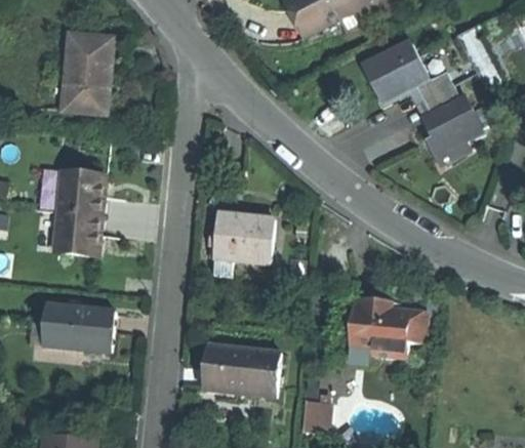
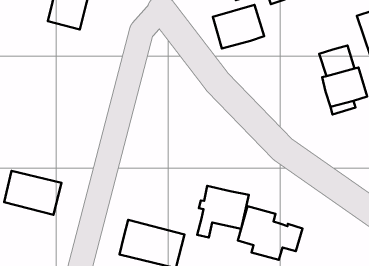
building: [361,46,430,108] -> [213,5,264,48]
building: [52,174,104,258] -> none
building: [210,210,271,275] -> [197,186,249,237]

